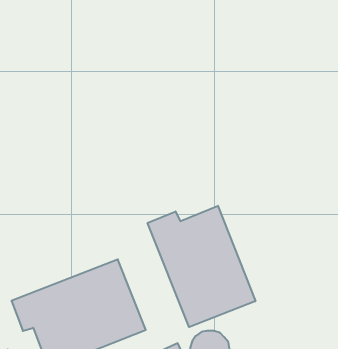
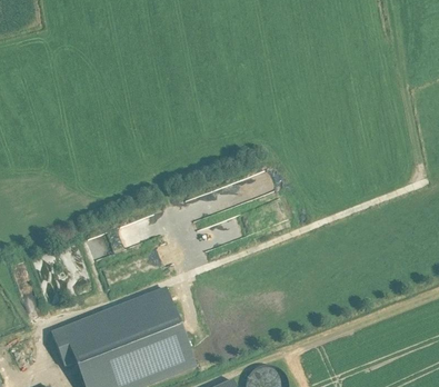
building: [148,206,255,327] -> none

